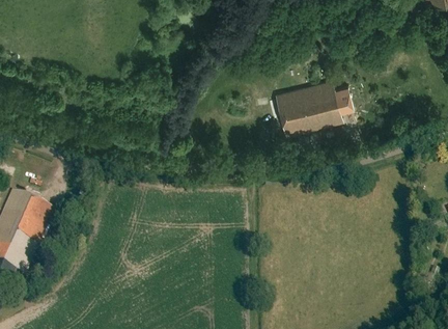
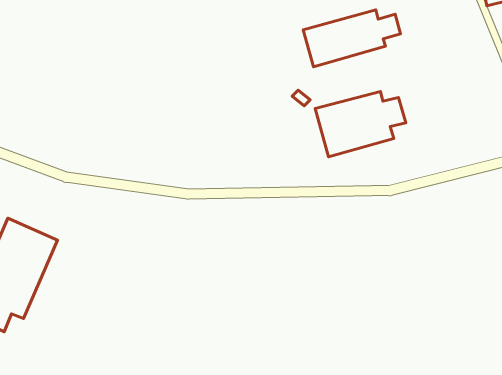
building: none -> [303,10,400,67]

